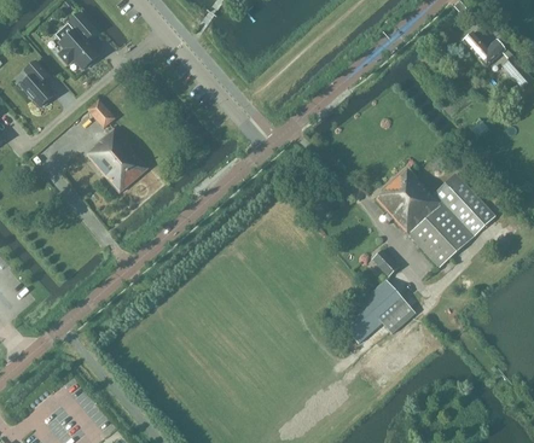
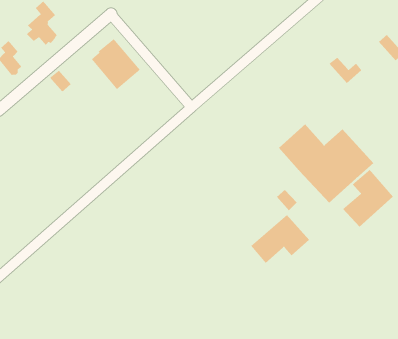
building: [463,31,505,65] -> [328,57,362,84]
building: [86,128,149,193] -> [91,38,141,90]
building: none -> [342,169,394,227]

